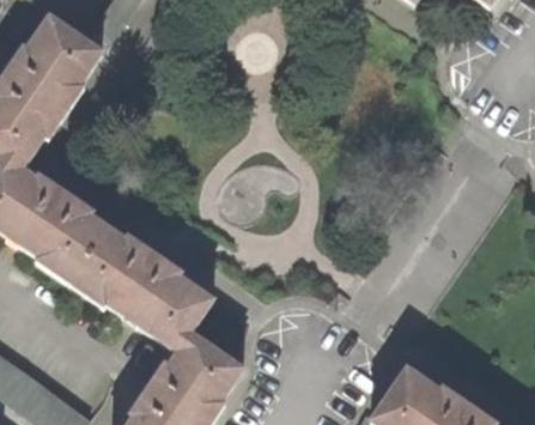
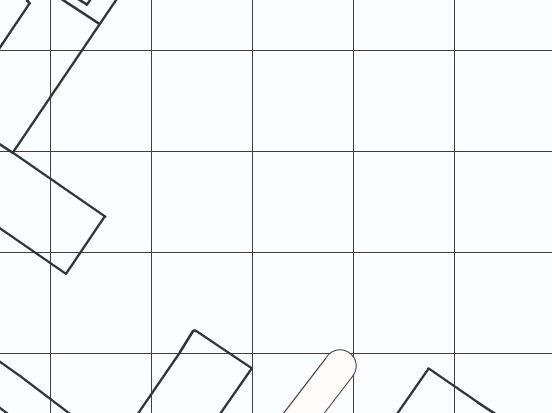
building: [72,229,214,353] -> none

